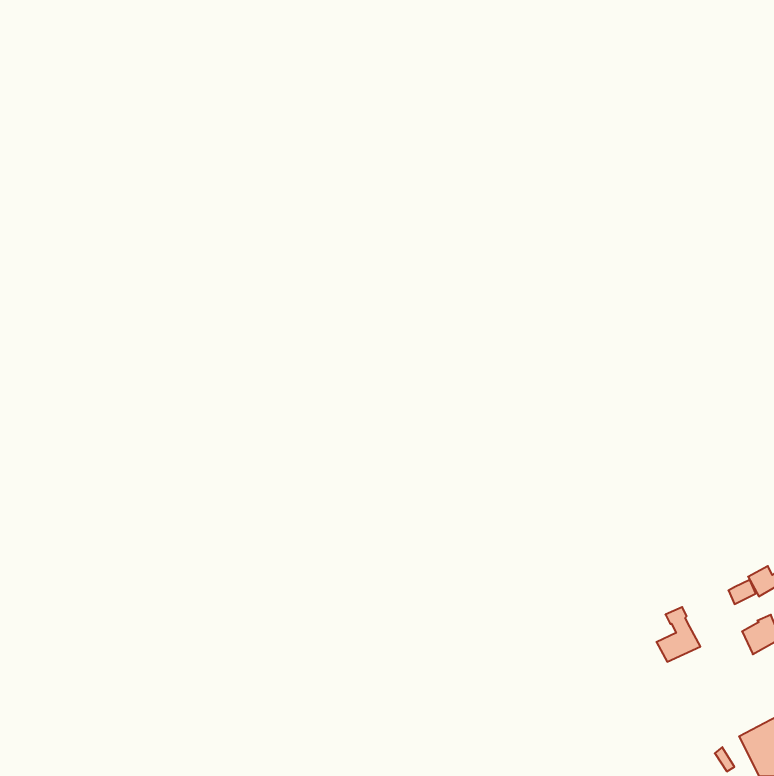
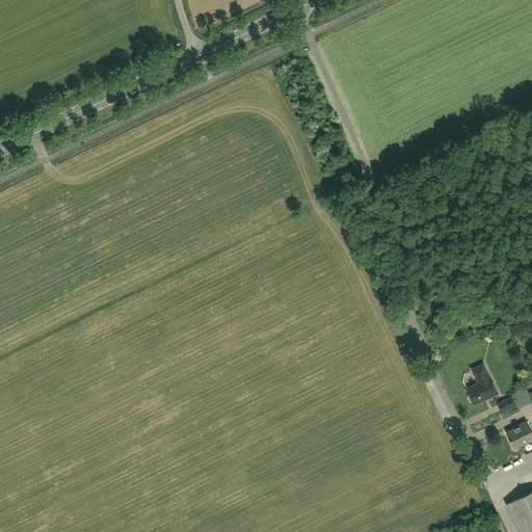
building: [656,607,700,662] -> [467,368,497,405]

